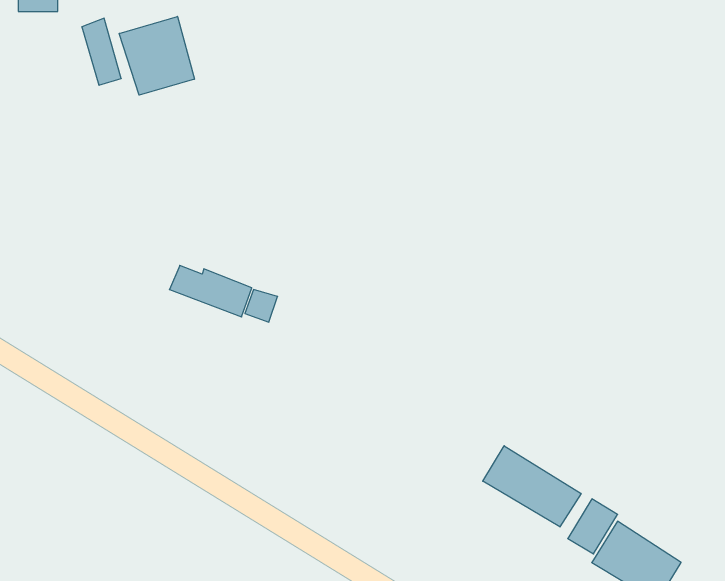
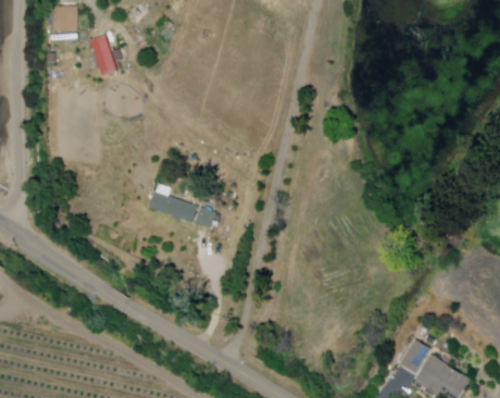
building: [119,16,194,95] -> none
building: [483,446,581,527] -> none

